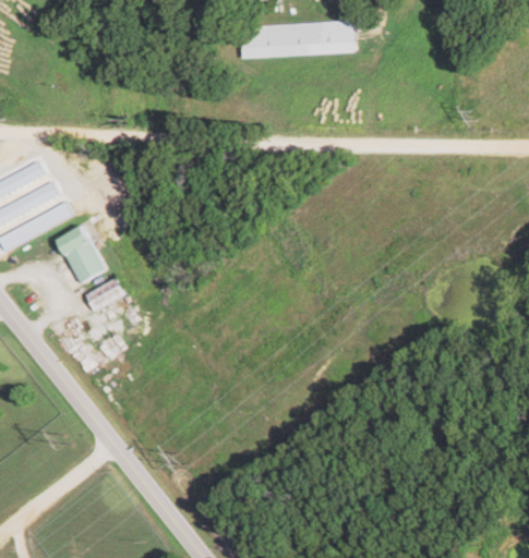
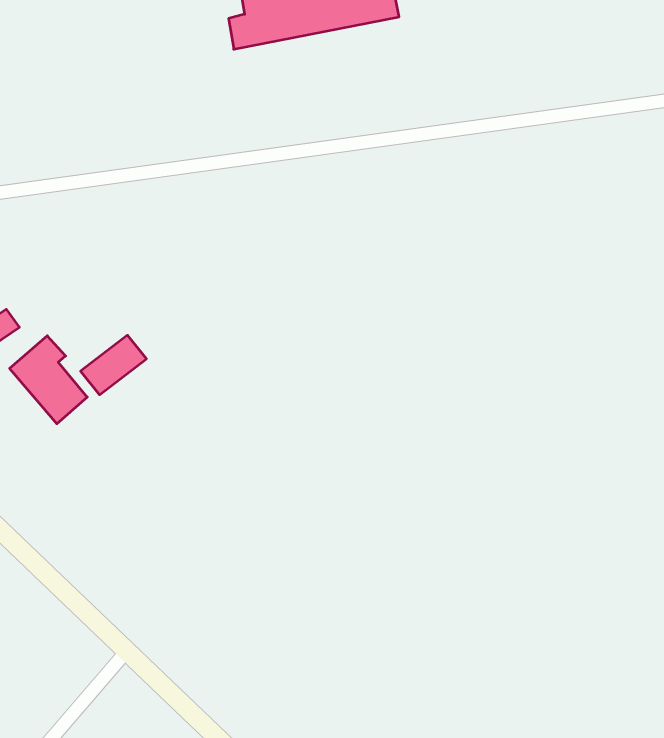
building: [84,277,129,313] -> [81,335,146,395]

